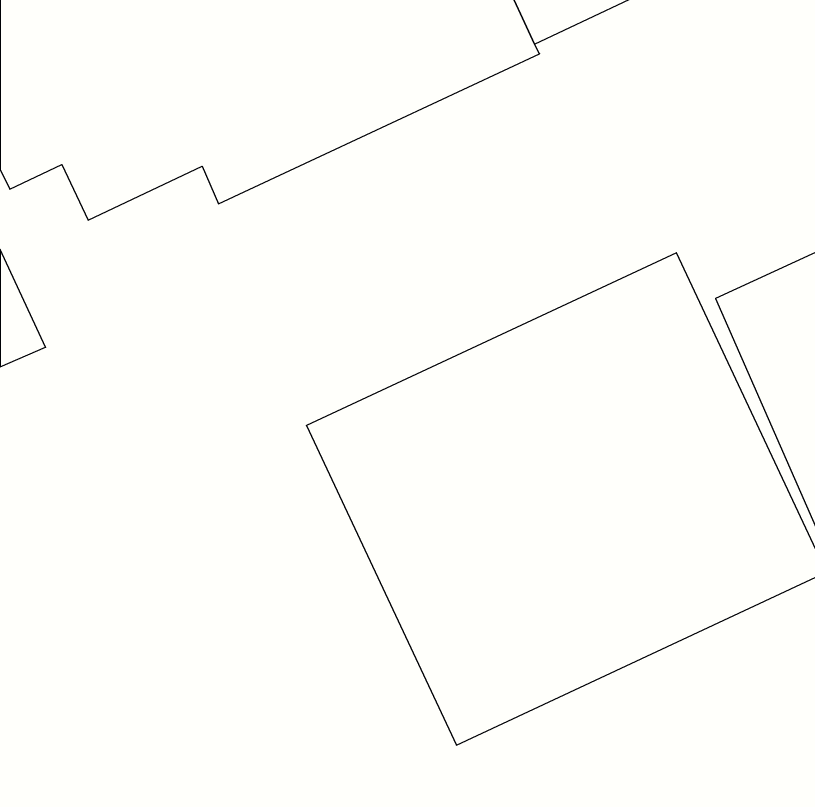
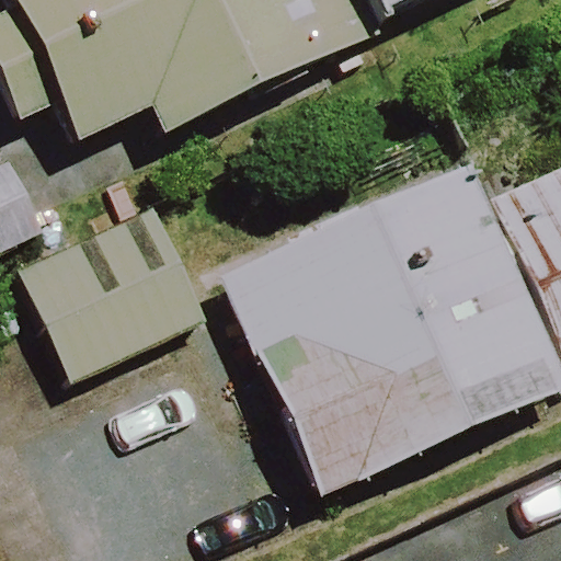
building: none -> [18,207,207,385]

